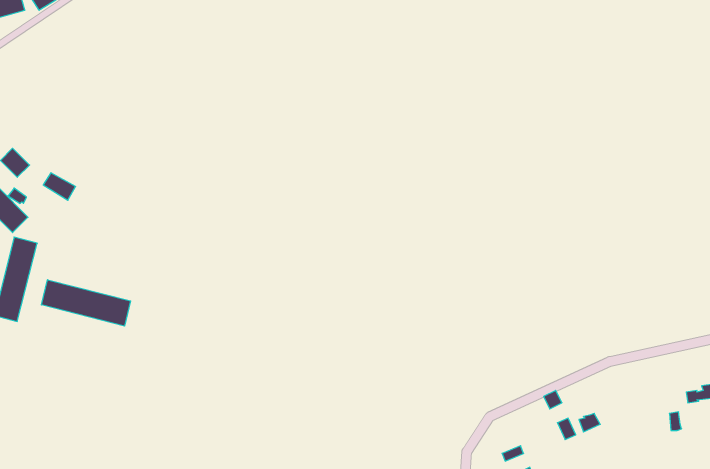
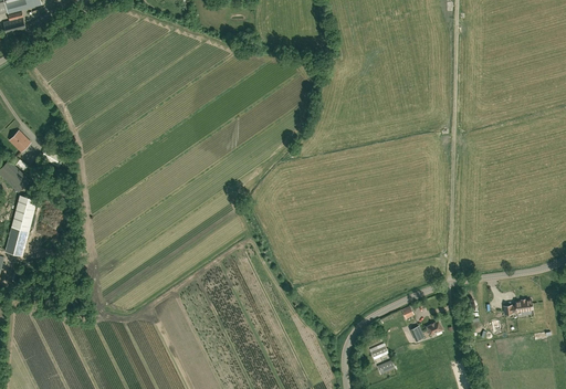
building: [41,280,131,326] -> none

